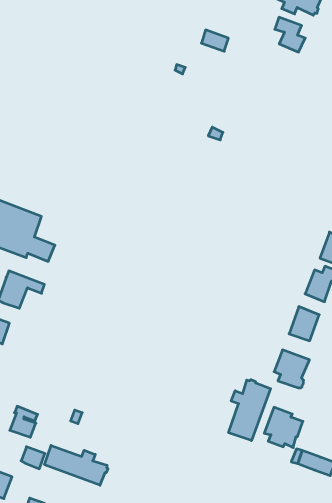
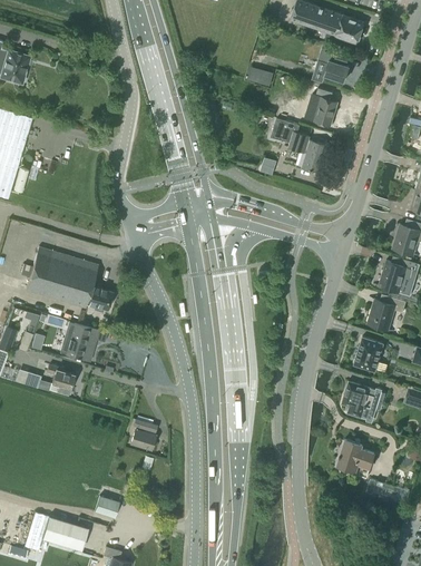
building: none -> [314,89,339,127]
building: none -> [271,119,329,174]
building: [229,380,271,441] -> none
building: [10,406,38,437] -> [130,420,157,450]
building: [45,445,108,485] -> none

